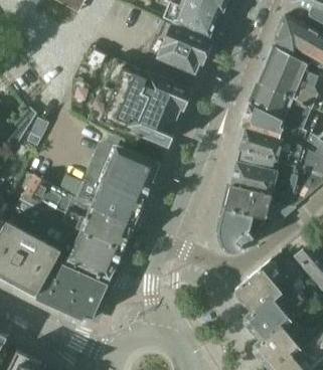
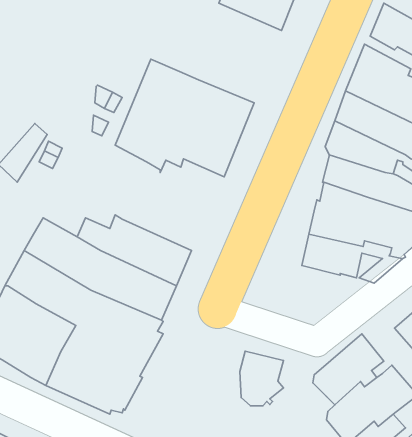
building: [149,22,211,72] -> none
building: [87,135,160,200] -> none
building: [221,211,254,251] -> [240,351,283,406]

